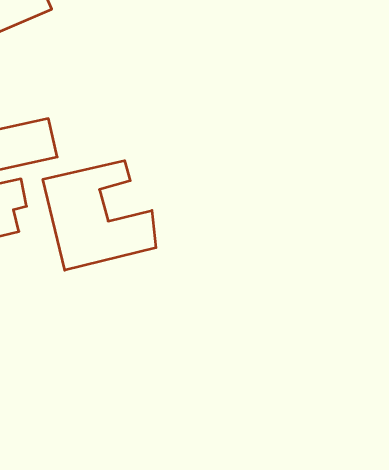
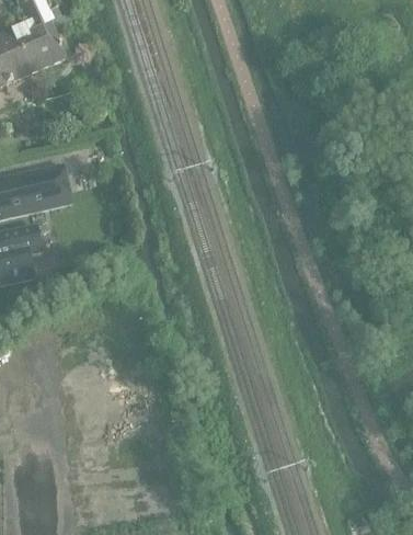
building: [43,161,156,270] -> none

